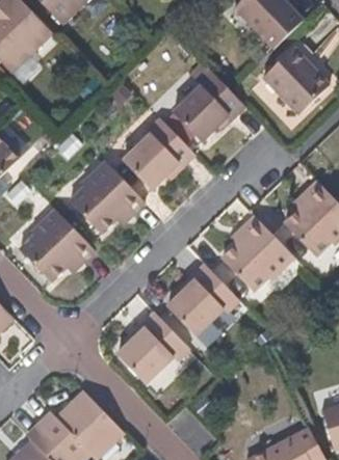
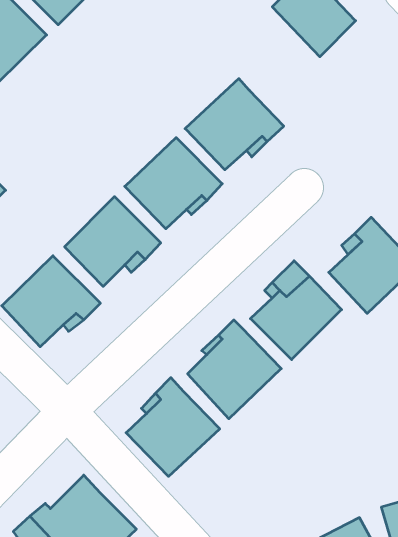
building: [263,53,332,119] -> none

